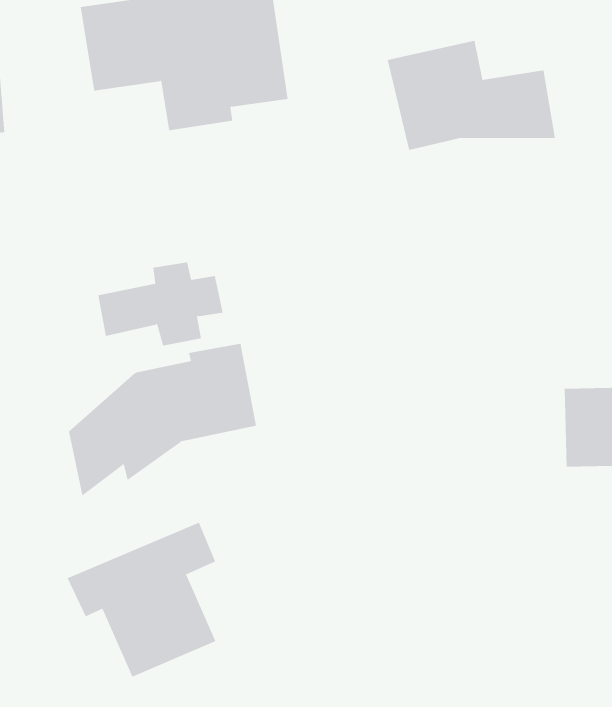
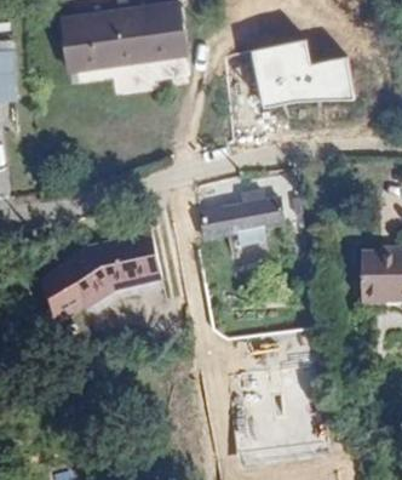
building: [97,262,223,346] -> [206,192,283,244]
building: [67,522,216,678] -> none

